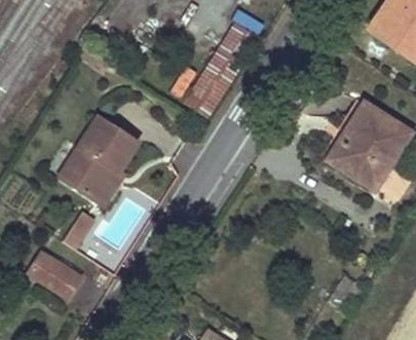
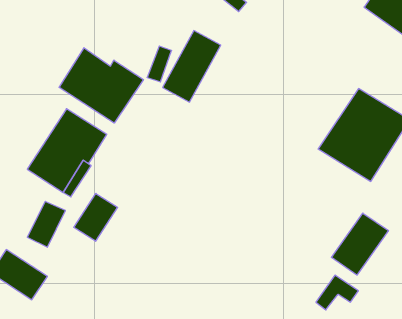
building: none -> [59,48,143,123]
building: none -> [74,193,118,241]
building: none -> [331,213,388,275]

